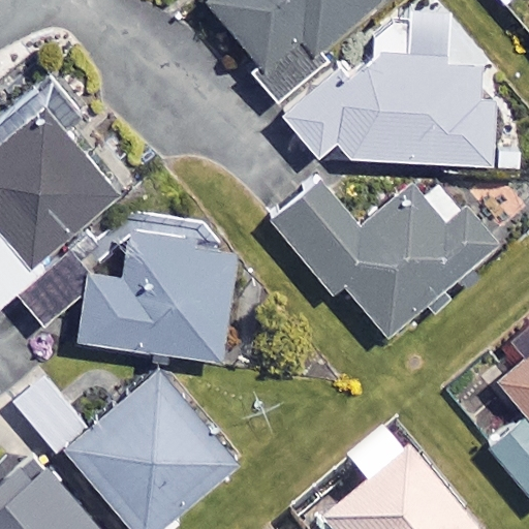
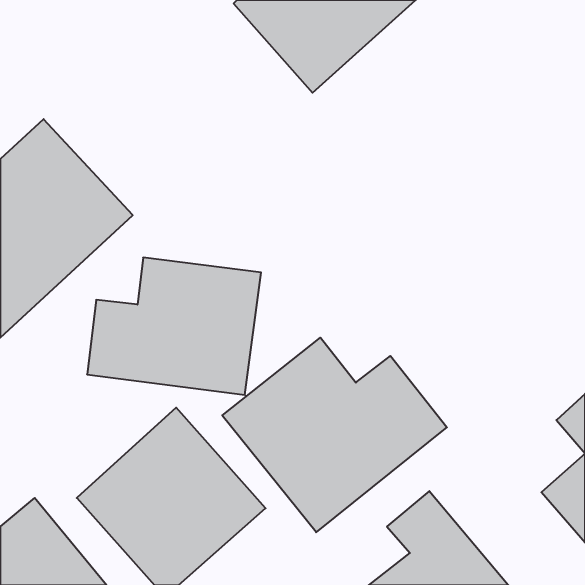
building: [285,34,495,161] -> none
building: [275,185,499,336] -> none
building: none -> [222,338,447,532]

